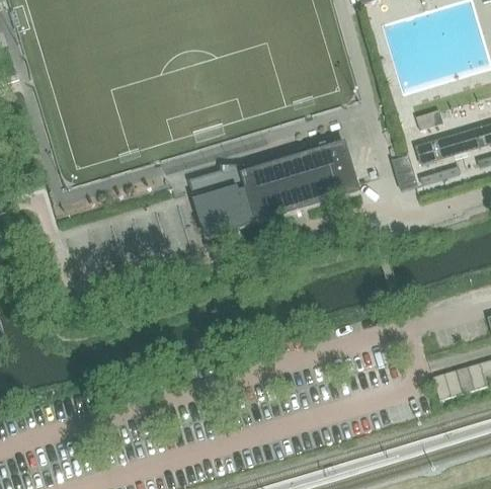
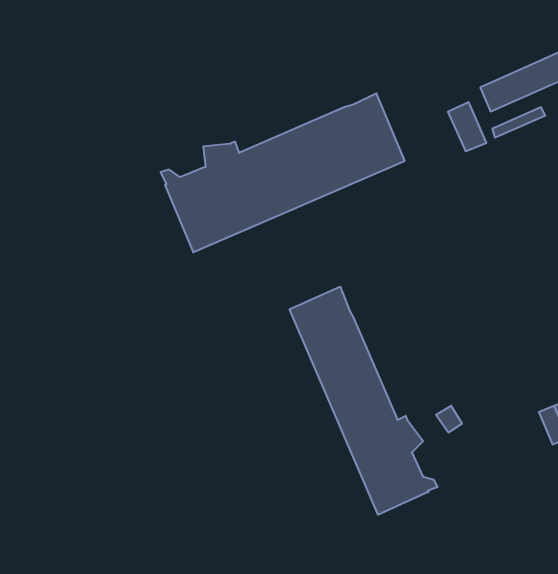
building: none -> [290,287,438,515]

